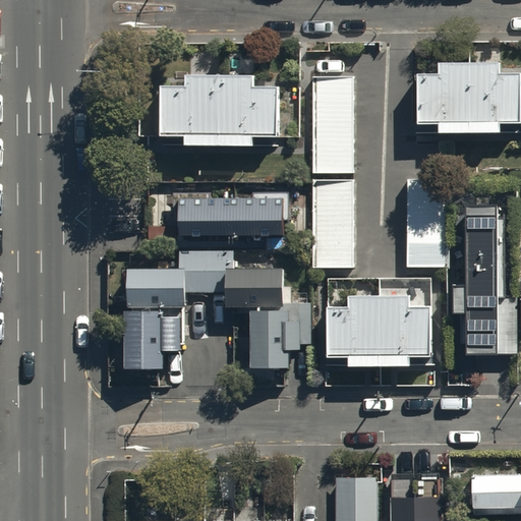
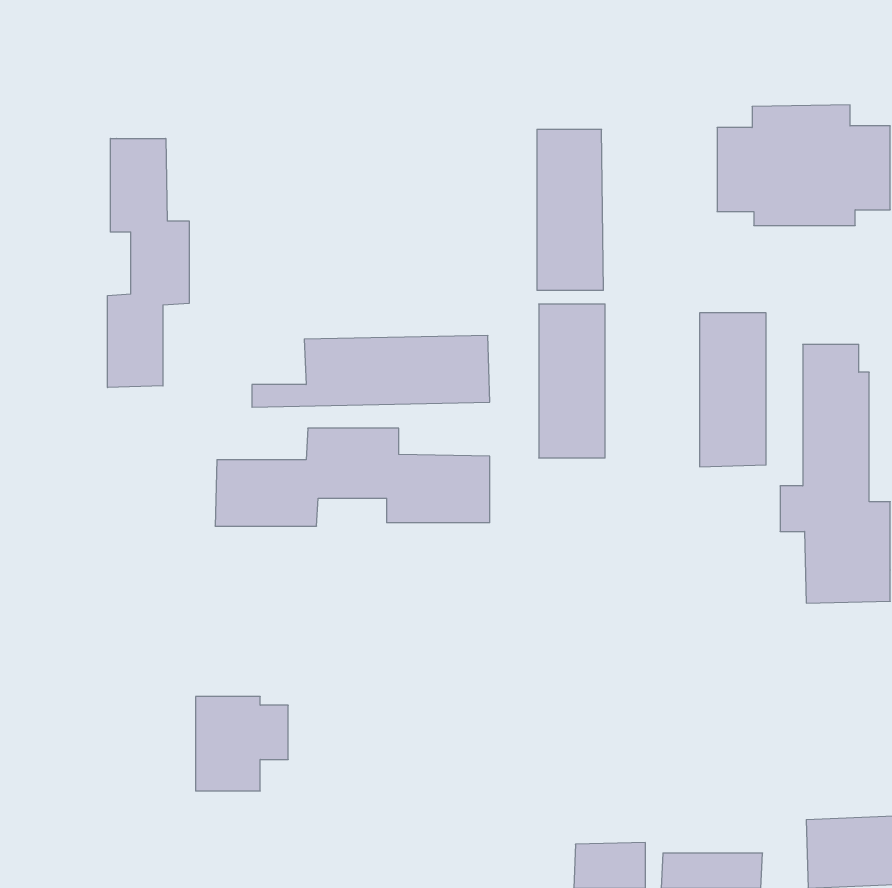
building: [160,77,276,148] -> none
building: none -> [108,138,189,388]
building: [327,296,431,367] -> none
building: [247,300,312,367] -> none
building: [123,313,177,368] -> [196,697,288,791]

